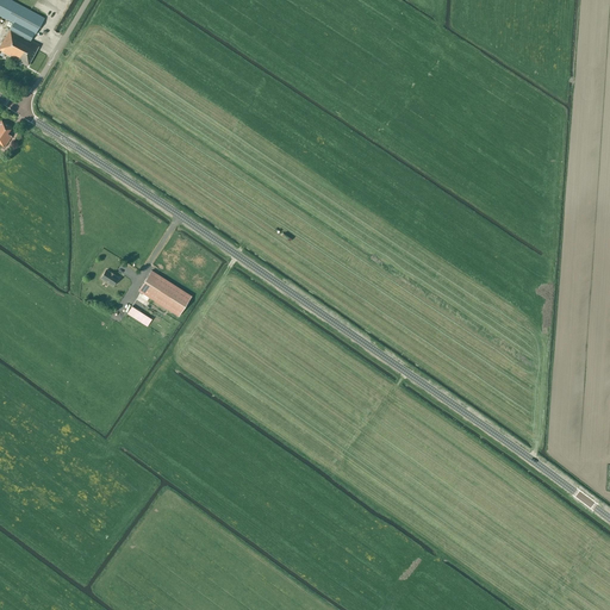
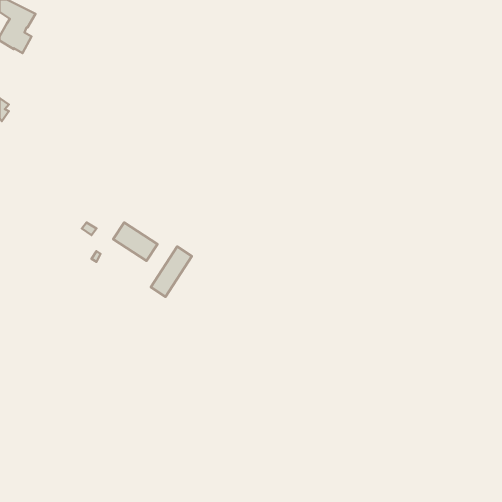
building: none -> [151,247,192,297]

